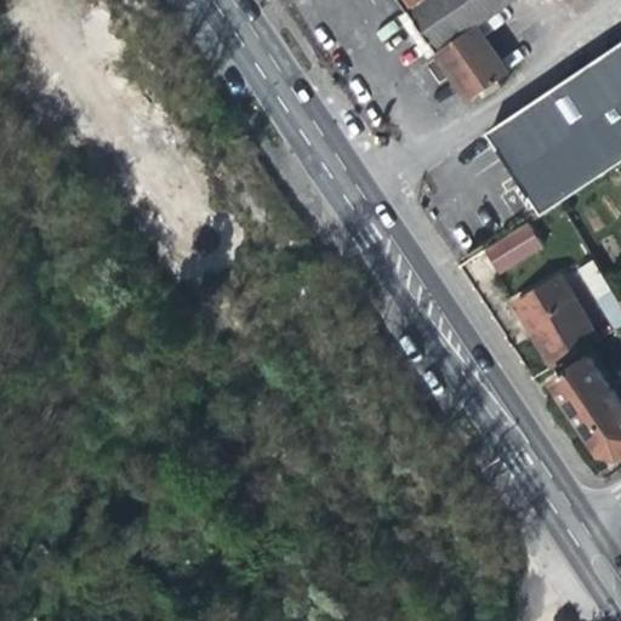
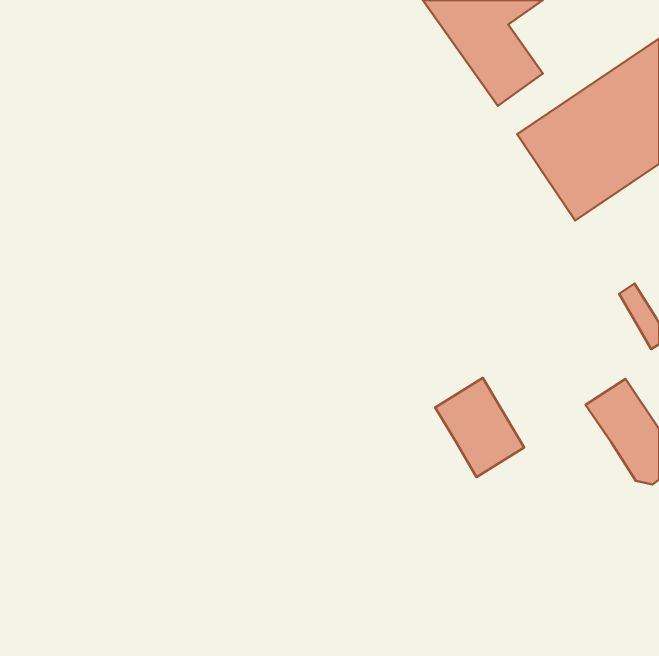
building: [482,224,543,278] -> none
building: [513,275,597,369] -> [435,378,524,477]

